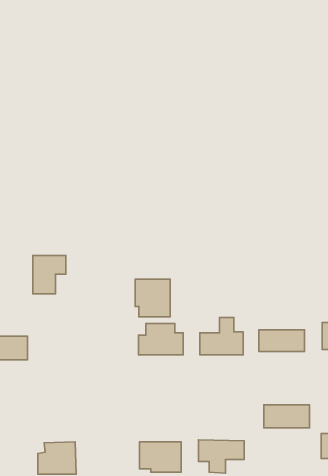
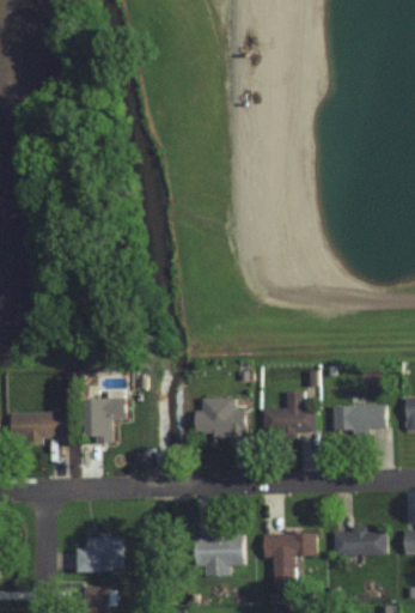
building: [33,255,66,294] -> [85,399,123,443]
building: [135,279,170,317] -> none
building: [264,405,310,428] -> [334,529,386,556]

